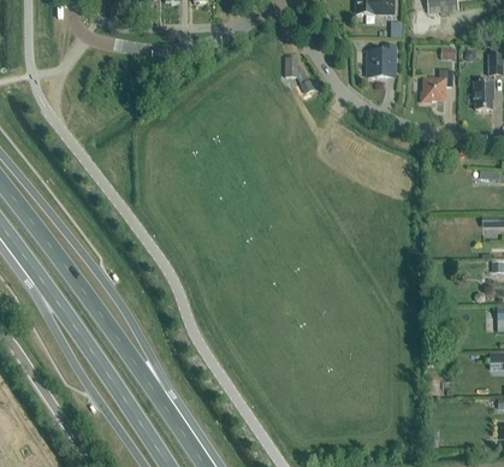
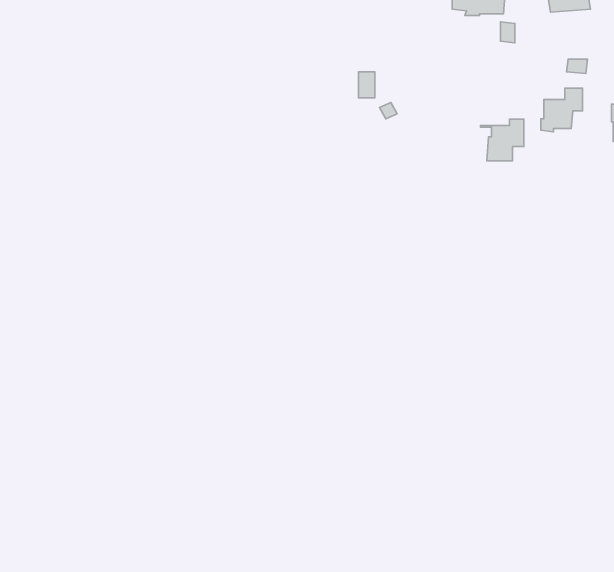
building: [363,46,396,77] -> [480,119,524,161]

